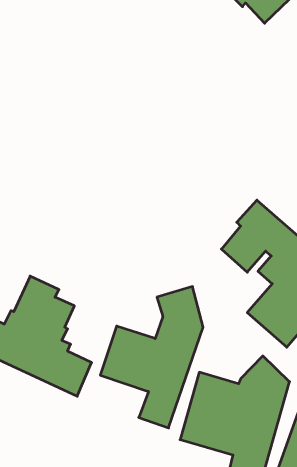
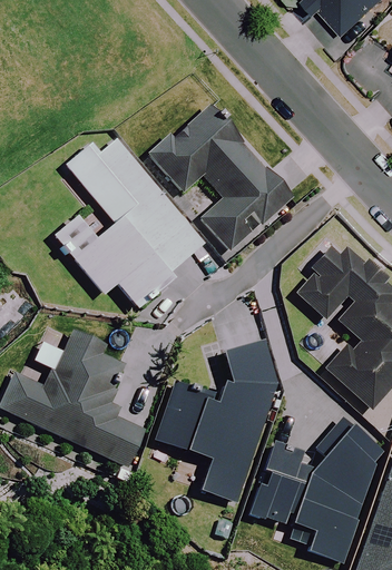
building: none -> [154,107,293,255]
building: none -> [55,139,205,308]

